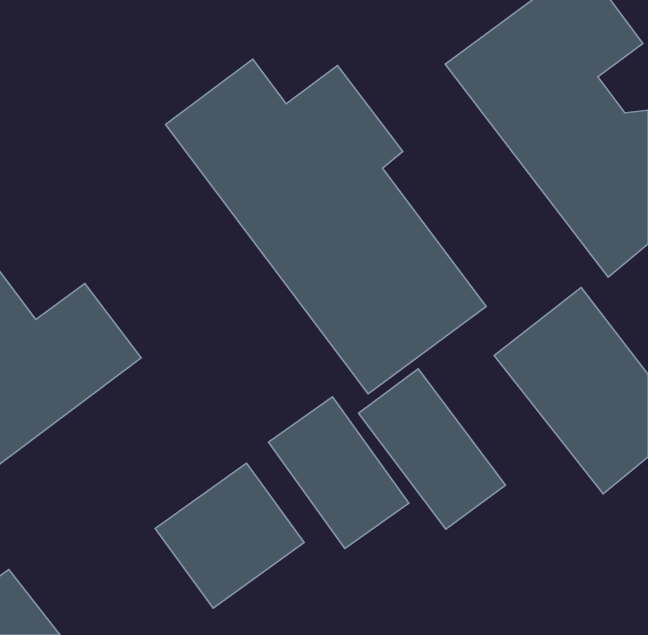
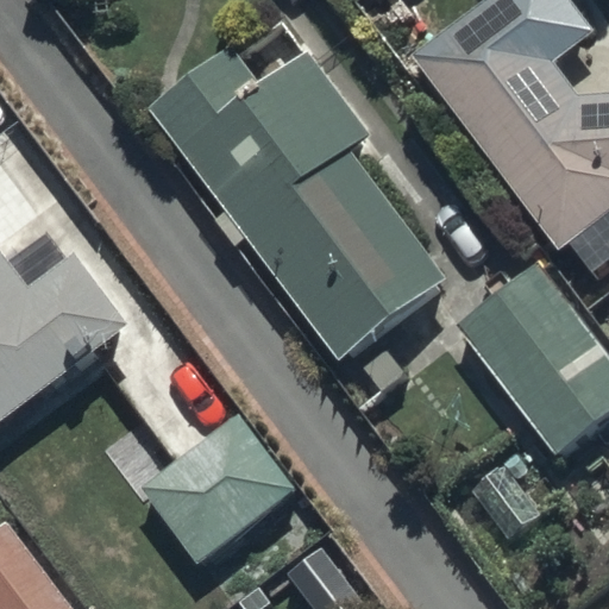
building: [359,369,506,529] -> none
building: [268,397,409,548] -> none

